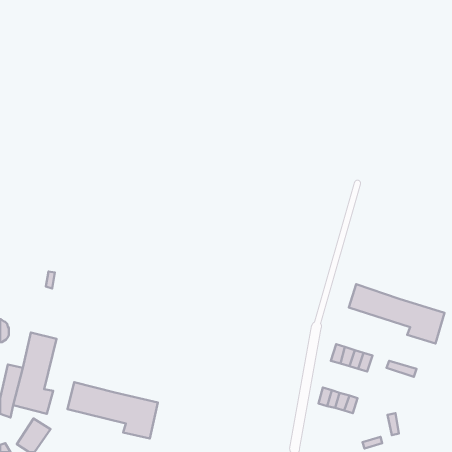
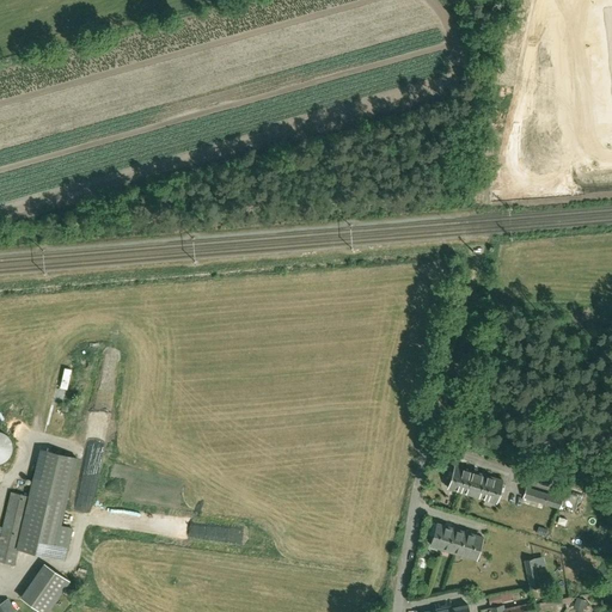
building: [349,284,445,343] -> none
building: [68,382,158,439] -> none

